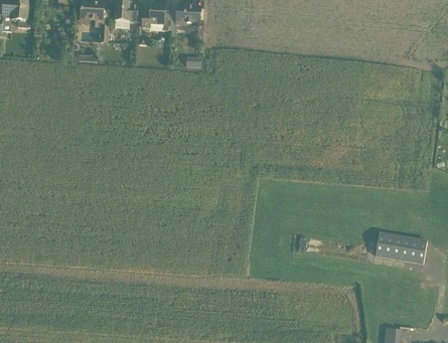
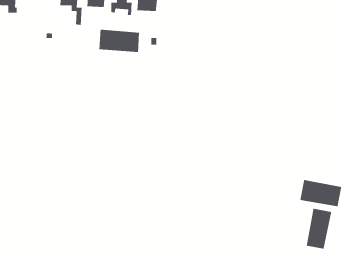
building: none -> [99,29,140,53]
building: none -> [306,208,332,249]

